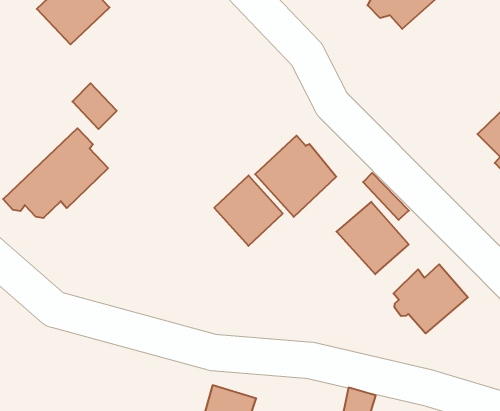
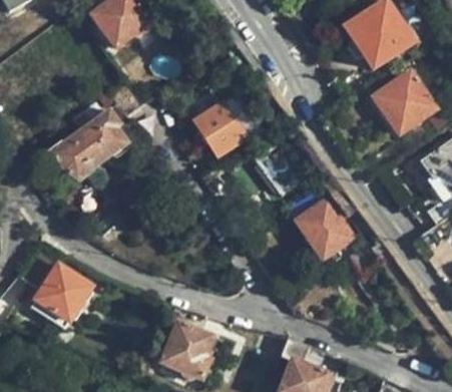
building: none -> [372,72,435,134]
building: [214,175,283,246] -> [193,98,246,152]
building: [393,264,468,333] -> none
building: none -> [33,245,93,320]

